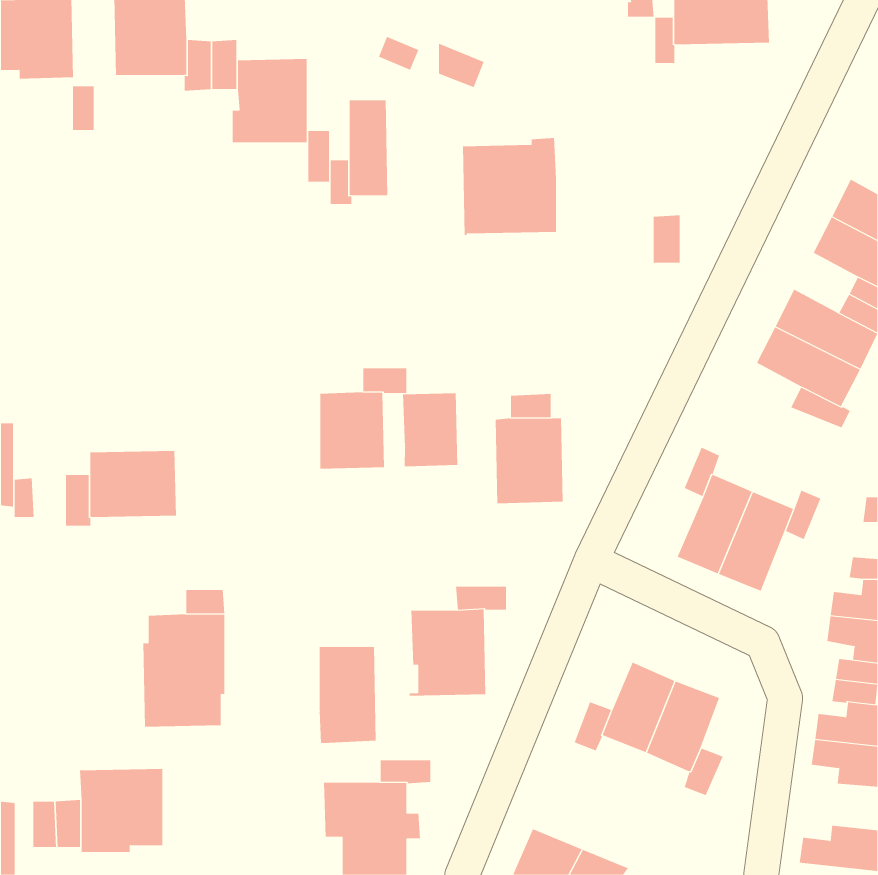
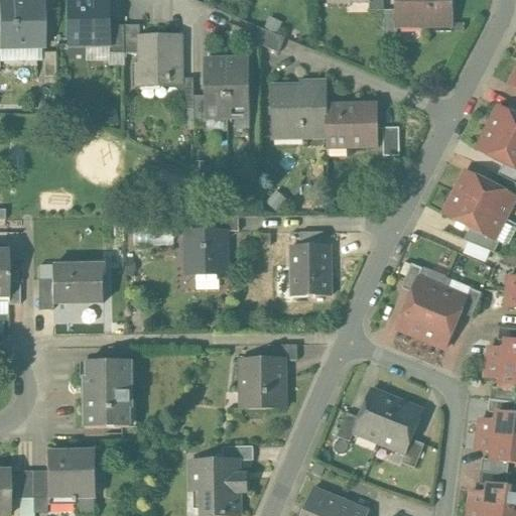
building: none -> [227,58,250,115]
building: none -> [327,104,377,145]
building: [403,393,458,467] -> none
building: [319,646,376,744] -> none

